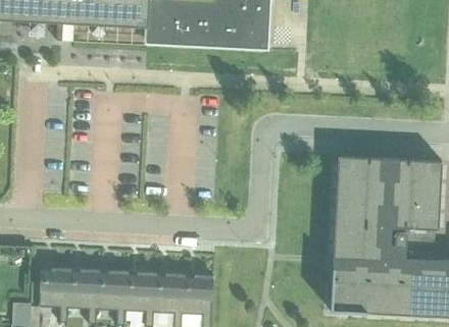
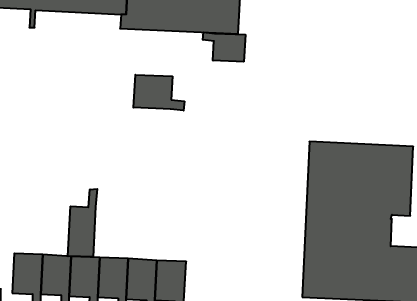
building: none -> [203,32,245,62]
building: none -> [133,75,184,111]
building: none -> [68,189,97,257]

